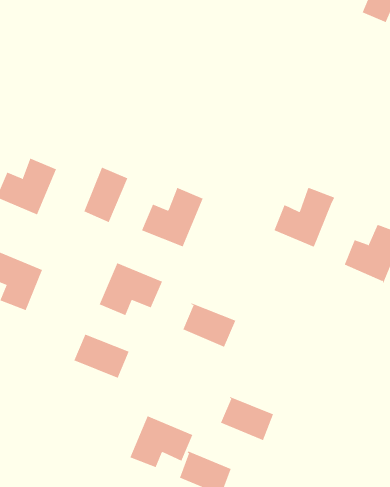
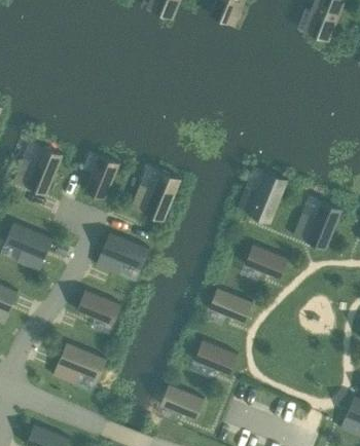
building: none -> [245,245,288,280]
building: [182,303,236,347] -> [210,288,253,324]
building: [129,416,193,468] -> [53,343,105,385]

